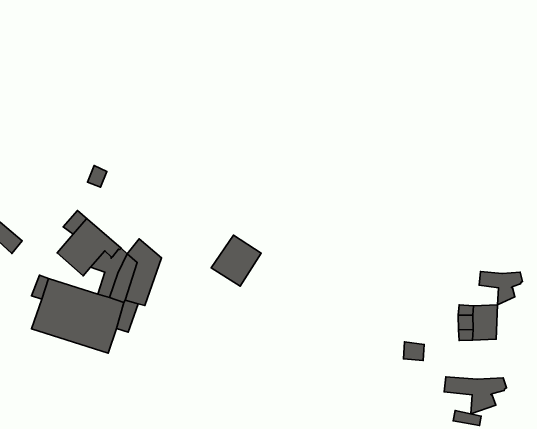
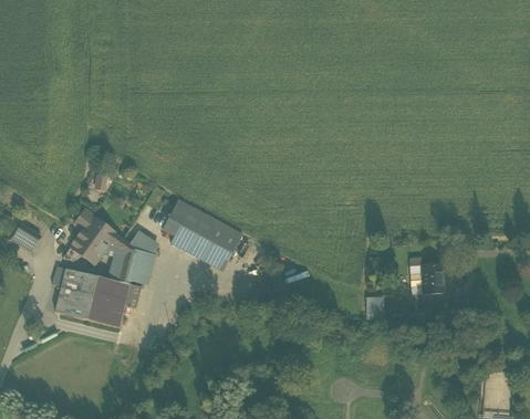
building: none -> [162,200,217,258]
building: [479,271,522,305] -> none
building: [444,377,507,414] -> none

